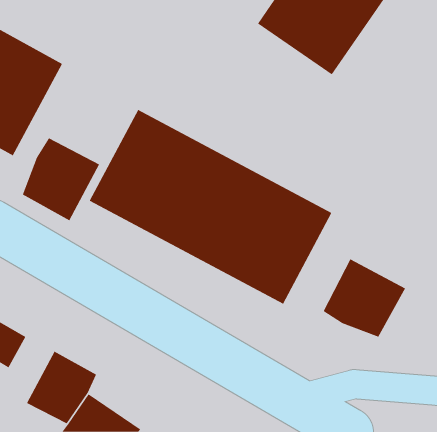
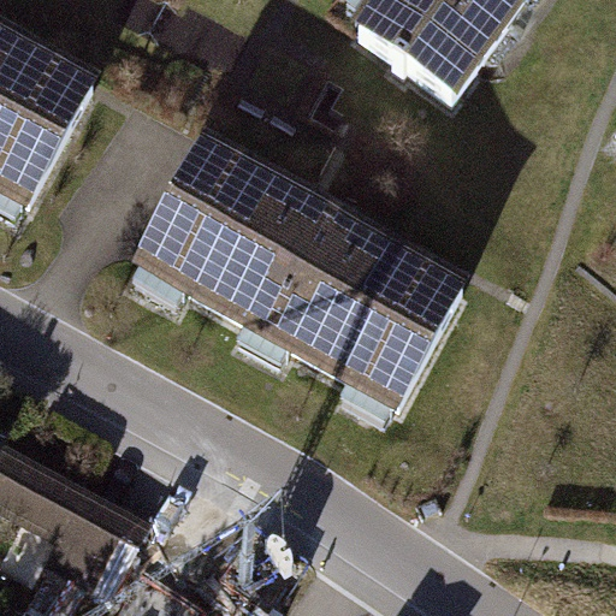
building: [22,138,100,221] -> none
building: [323,258,406,337] -> none

